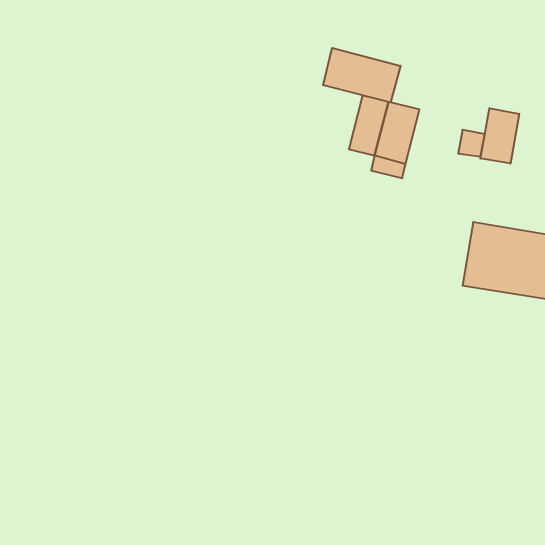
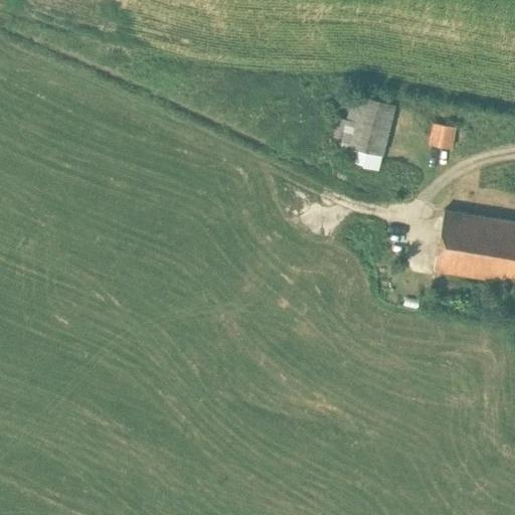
building: [323,48,401,102] -> none
building: [480,108,519,164] -> none

